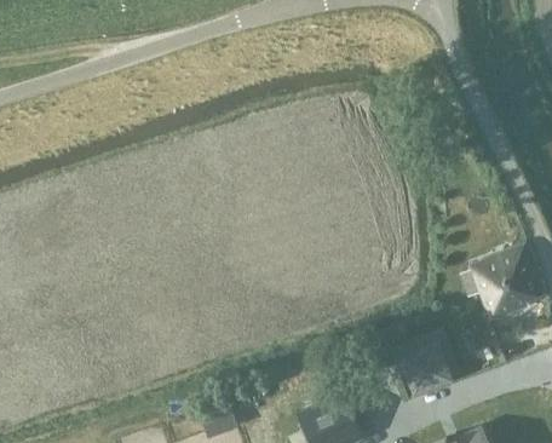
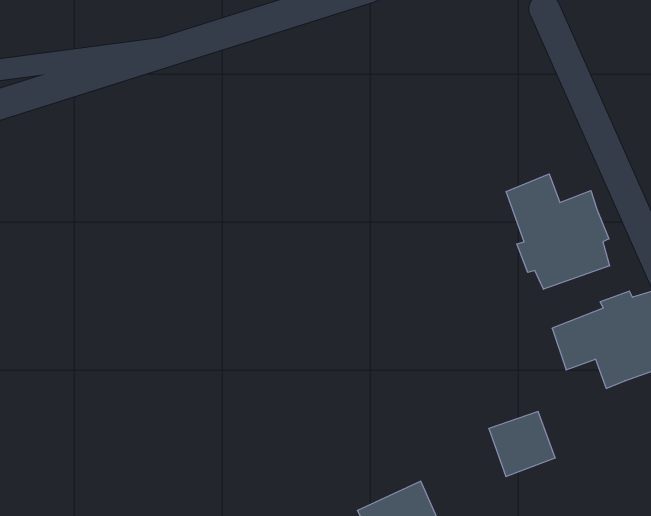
building: none -> [506,174,610,289]

